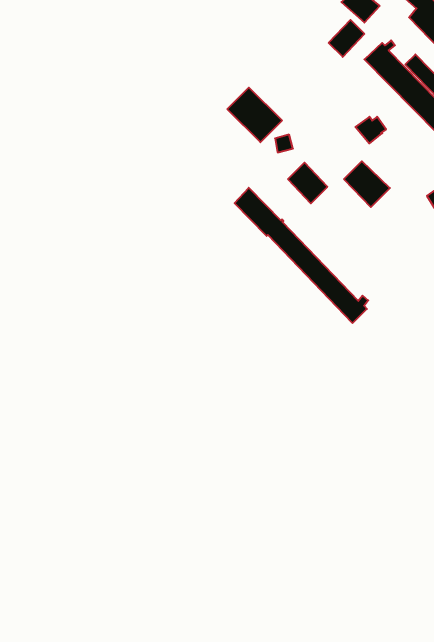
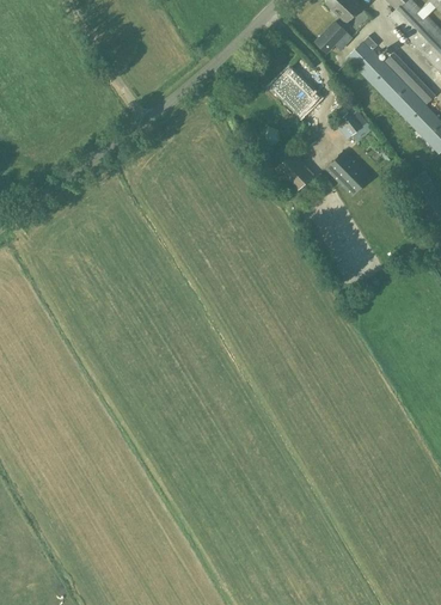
building: [227,88,282,142] -> [269,66,320,117]
building: [235,188,368,323] -> none

